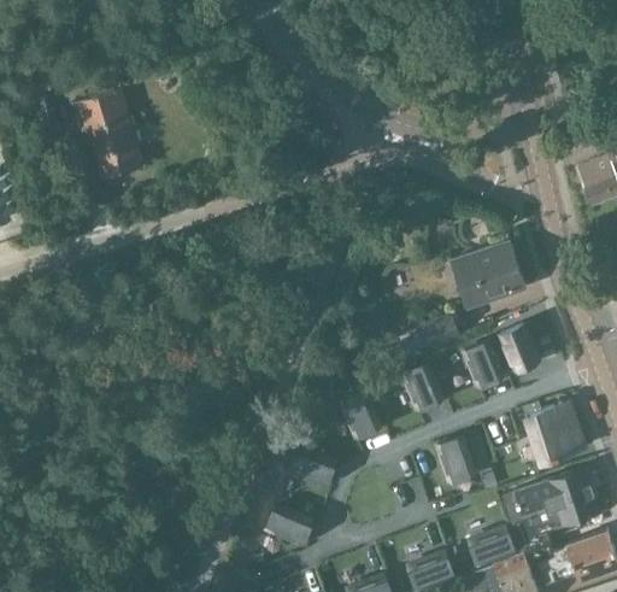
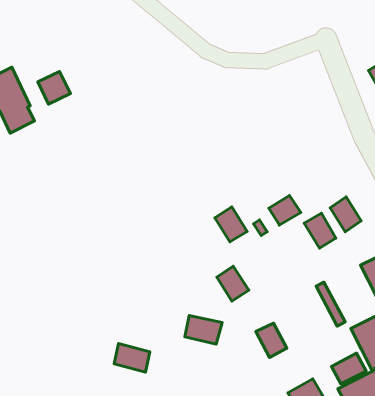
building: none -> [38,72,71,104]
building: [451,244,527,307] -> none
building: [402,364,441,409] -> [215,207,247,242]
building: [437,438,474,481] -> [256,323,287,358]
building: [266,504,315,546] -> [114,343,150,372]

